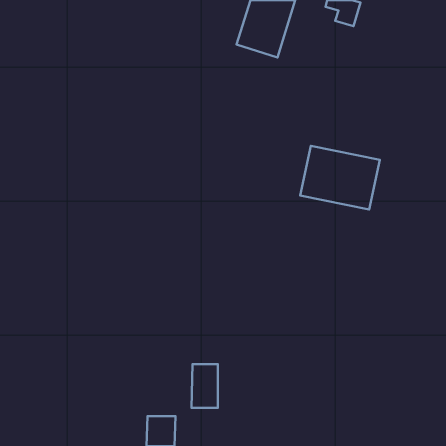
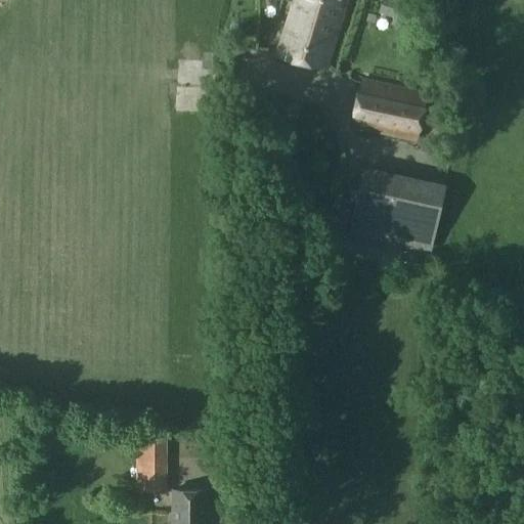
building: none -> [350,75,429,142]
building: [192,364,218,408] -> [137,435,168,486]

